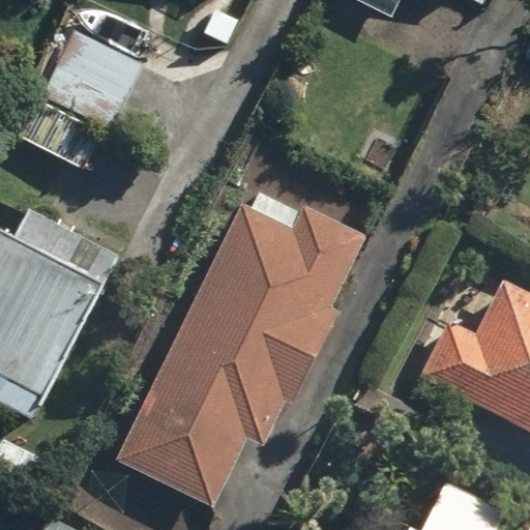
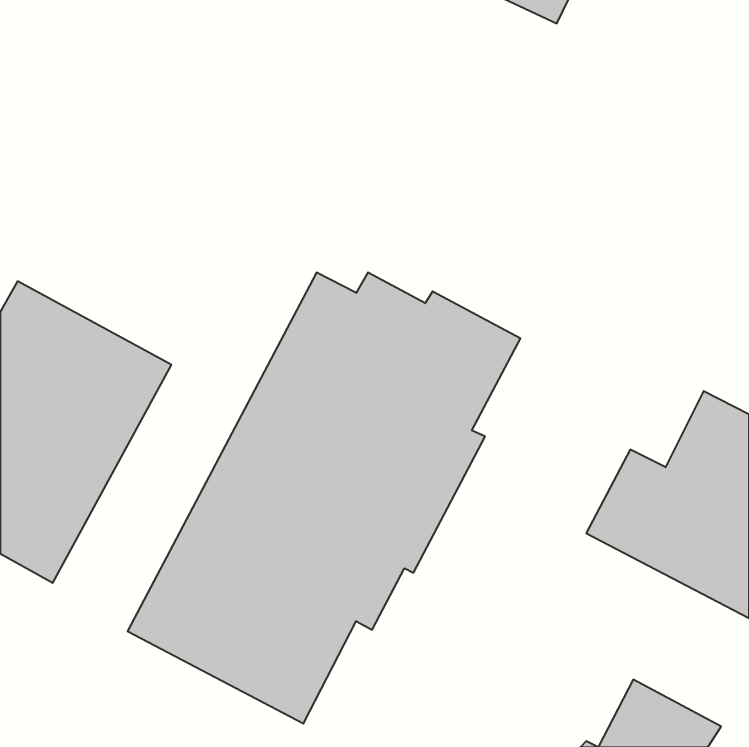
building: [10,25,148,173] -> none

